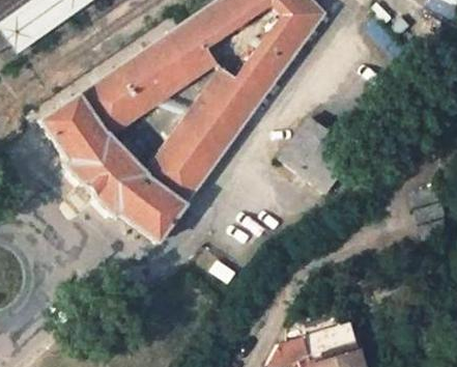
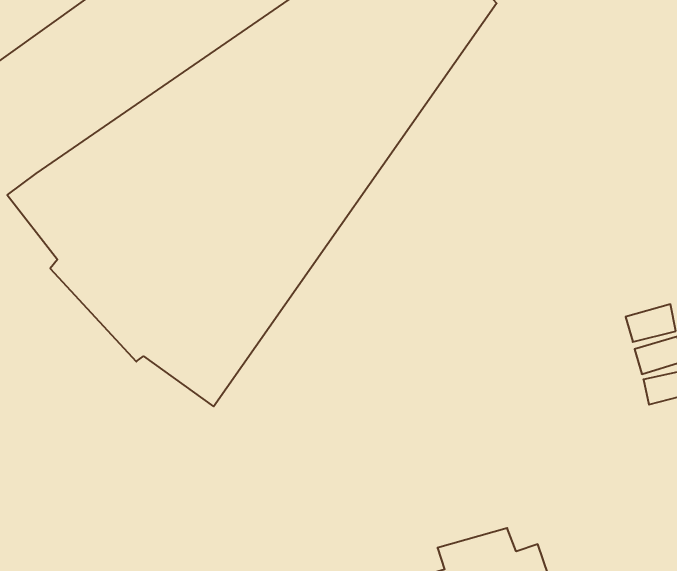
building: [283,110,339,177] -> none

